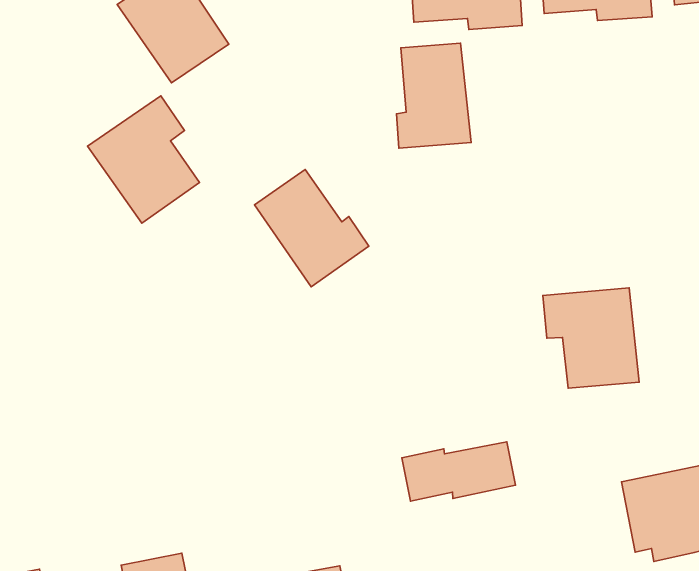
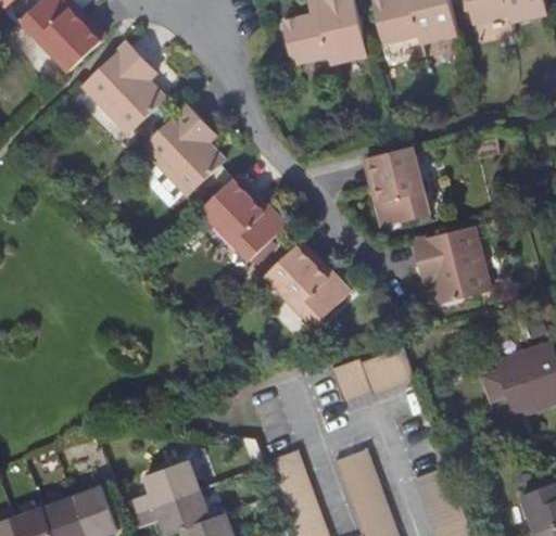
building: [396,43,471,148] -> [370,146,430,227]
building: [87,96,200,223] -> [141,104,224,195]
building: none -> [265,246,350,327]

